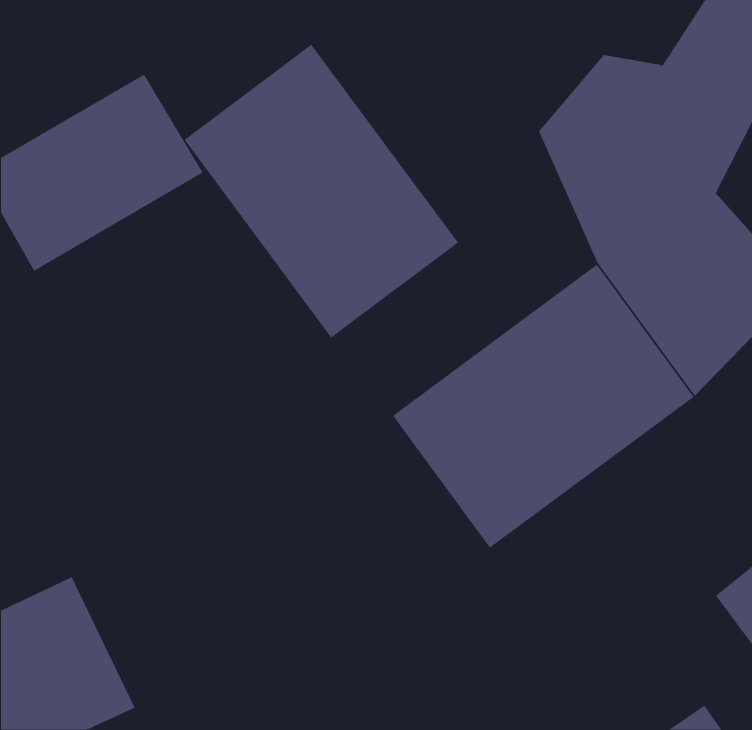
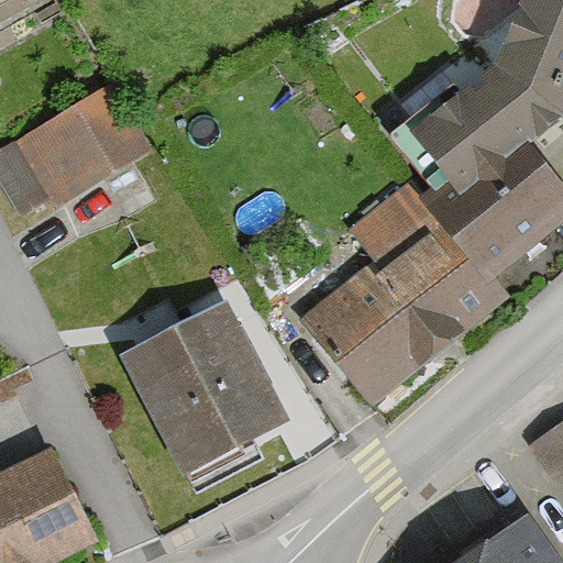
building: [184,44,459,338] -> none
building: none -> [118,305,296,495]

